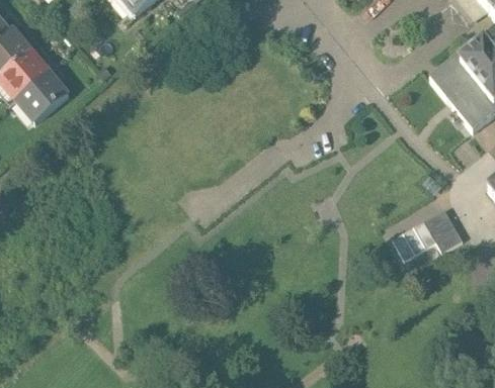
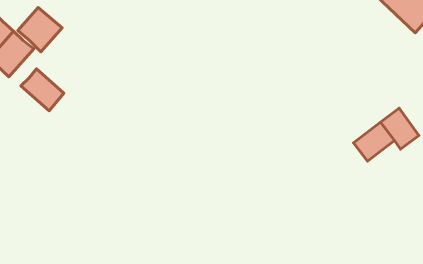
building: none -> [18,7,62,52]
building: none -> [21,69,64,111]

